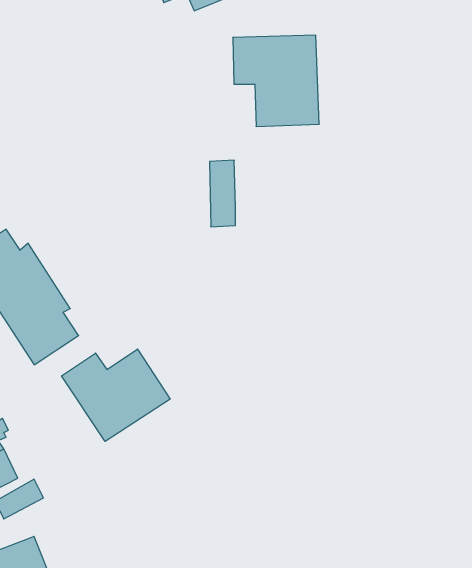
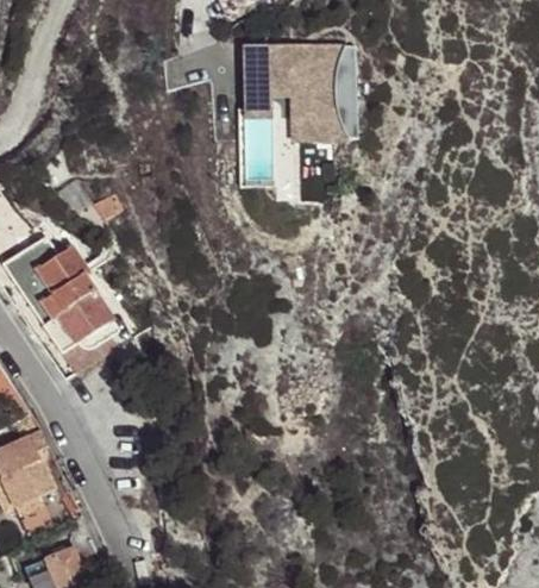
building: [210,160,235,227] -> [246,39,272,107]
building: [62,349,170,441] -> none

